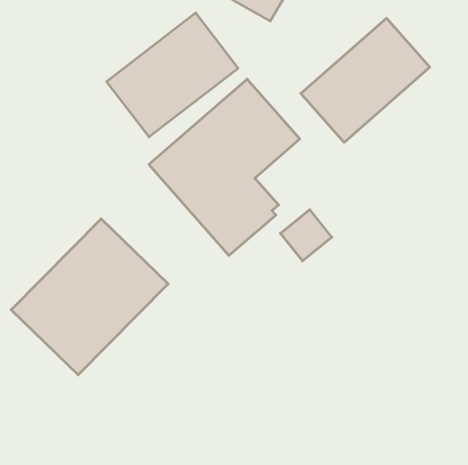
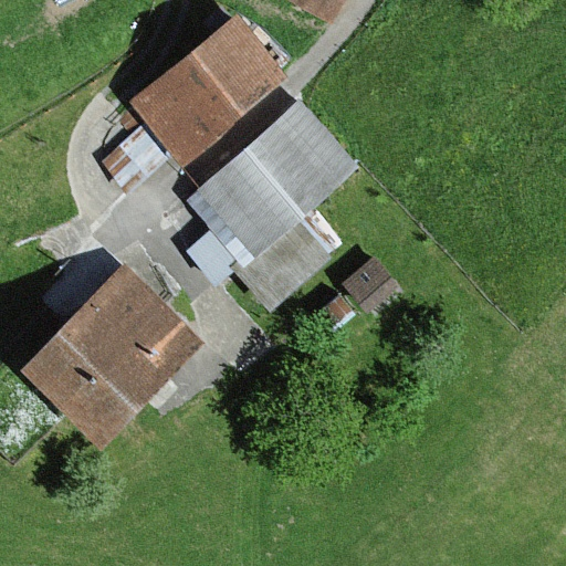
building: [301,18,430,142] -> none

